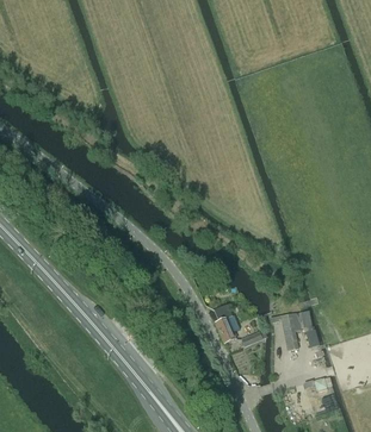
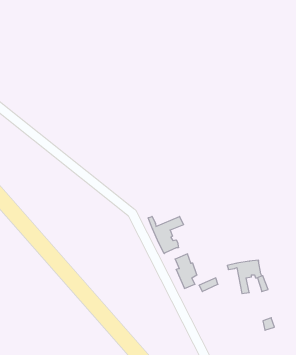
building: none -> [148,216,183,254]

